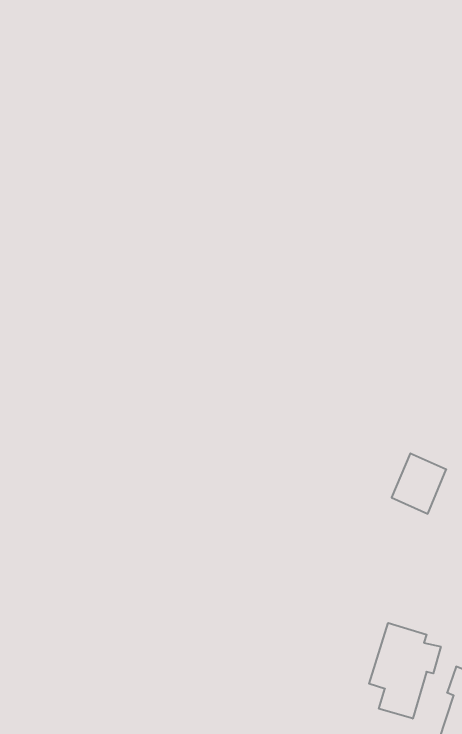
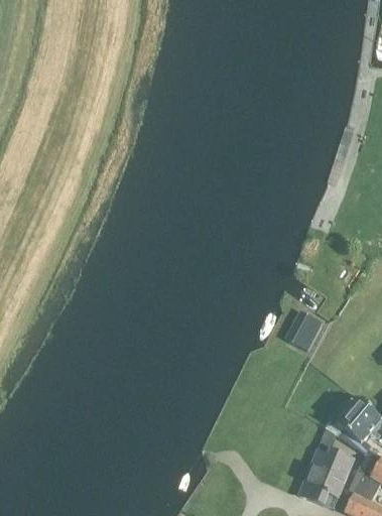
building: [369,623,441,719] -> none

